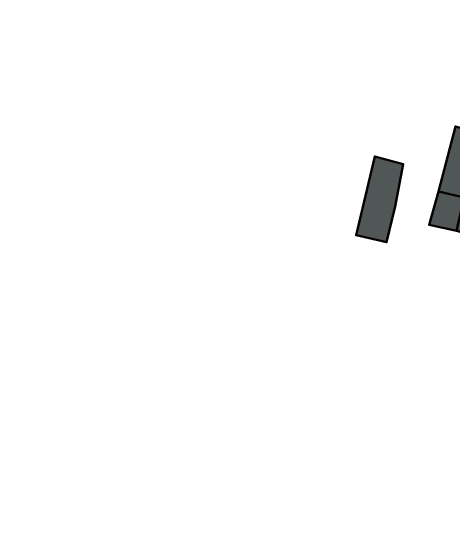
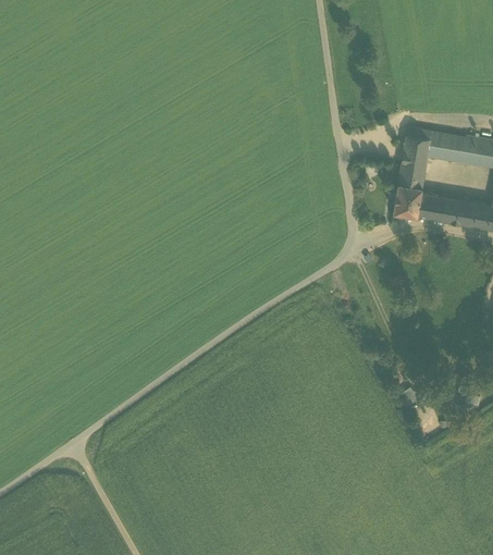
building: [356,157,403,242] -> none

